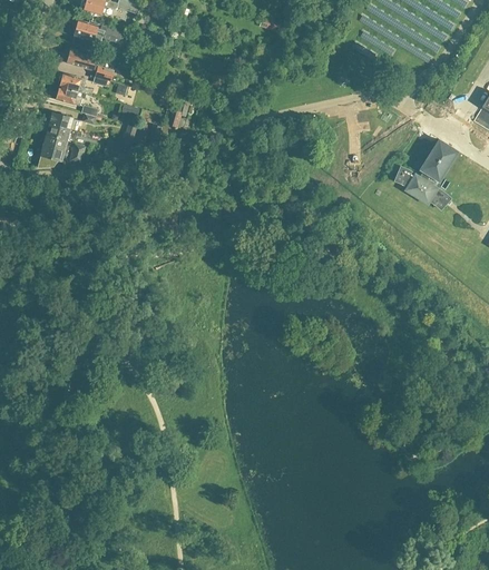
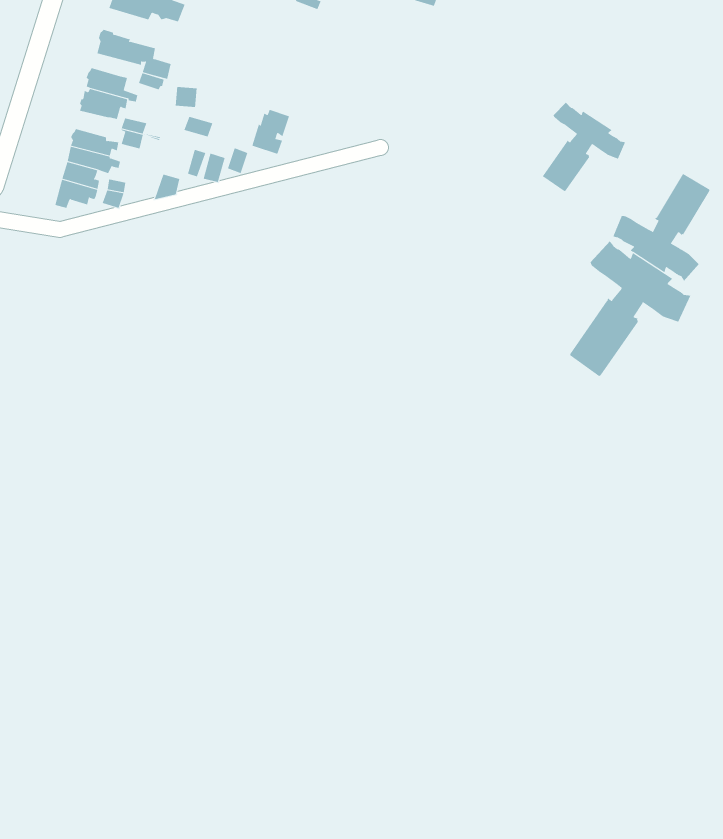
building: none -> [542,102,626,192]
building: none -> [569,241,691,377]

